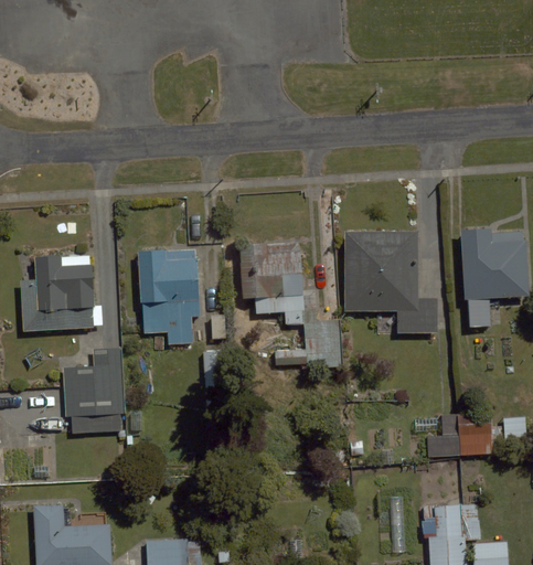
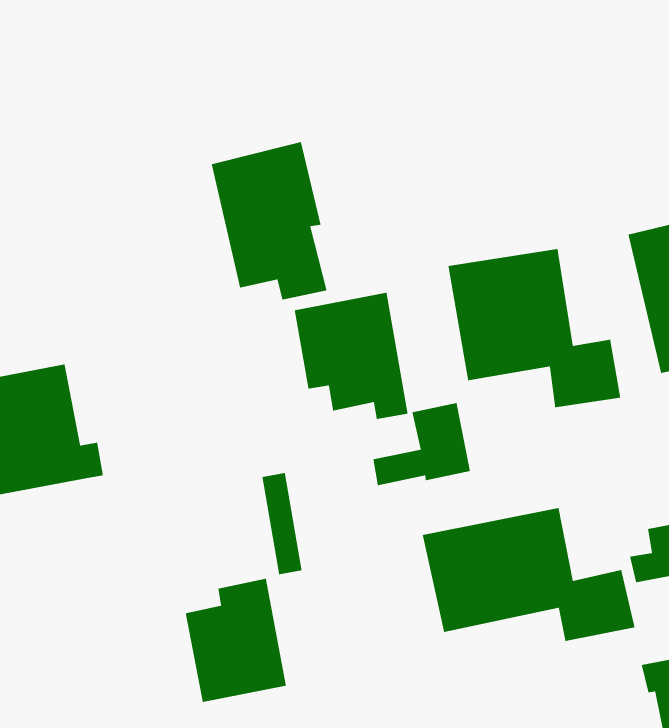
building: [136,247,199,345] -> [211,141,328,300]
building: [65,359,121,430] -> [185,578,287,703]
building: none -> [422,507,636,642]

